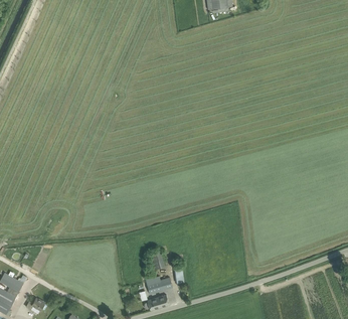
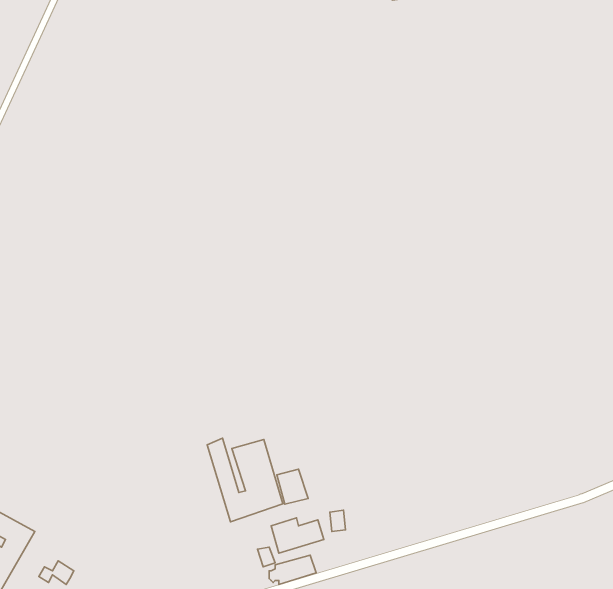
building: none -> [207,438,283,522]

